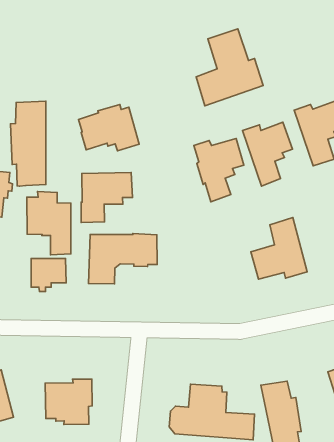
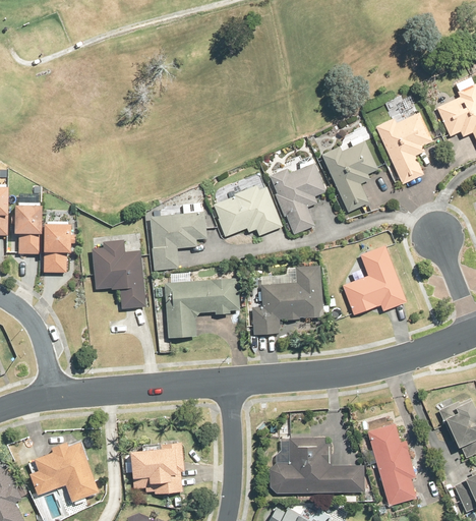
building: [196,29,263,106] -> none
building: [10,101,46,186] -> none
building: [79,105,139,151] -> [214,184,283,237]
building: none -> [252,266,324,335]
building: [31,258,66,292] -> none

